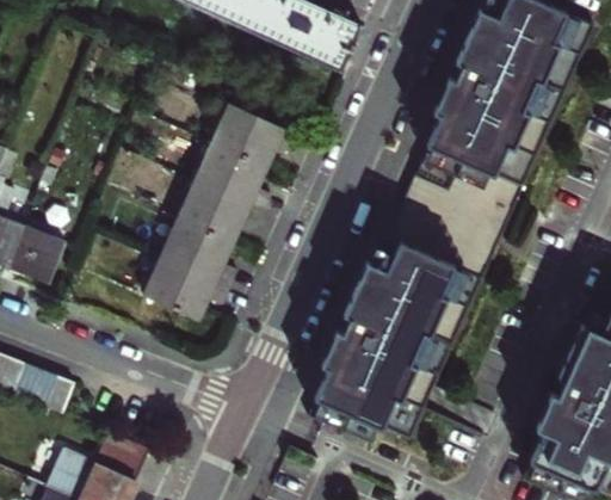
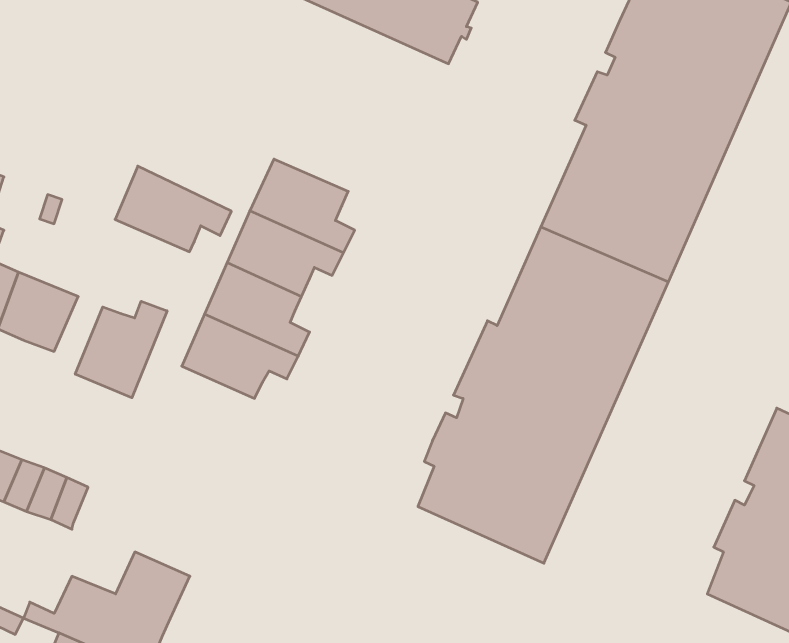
building: [210,100,296,163] -> [115,166,231,252]
building: none -> [75,301,167,398]

